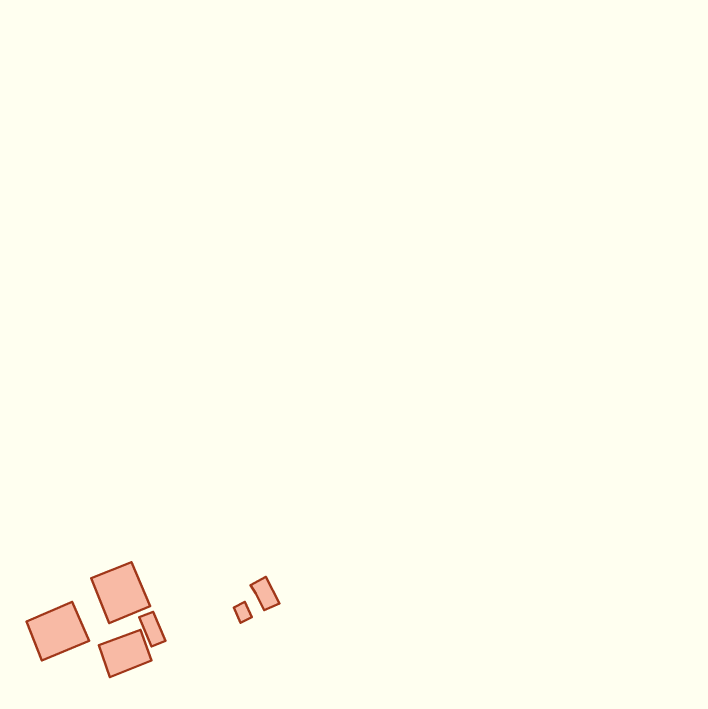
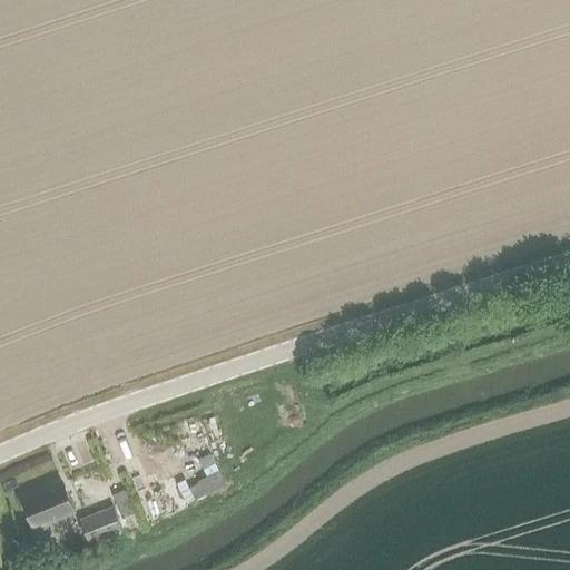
building: [91,562,150,623] -> none

